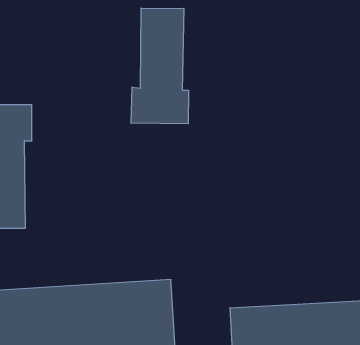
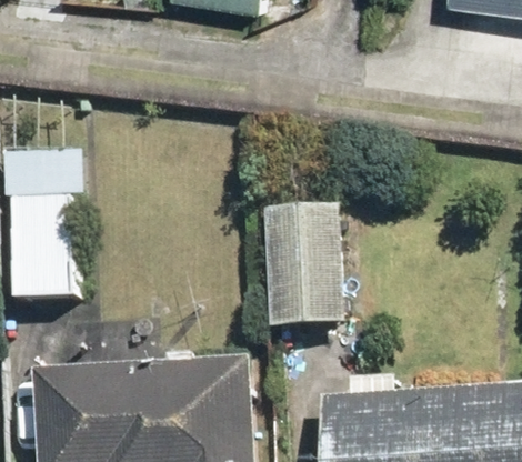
building: [131,8,188,124] -> none
building: none -> [252,200,338,328]

